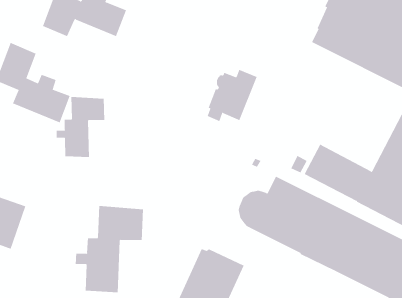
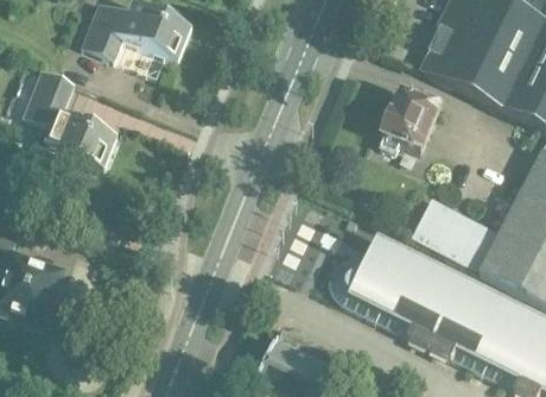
building: [207,69,258,122] -> [379,87,443,153]
building: [56,96,105,158] -> none
building: [75,205,143,293] -> none

